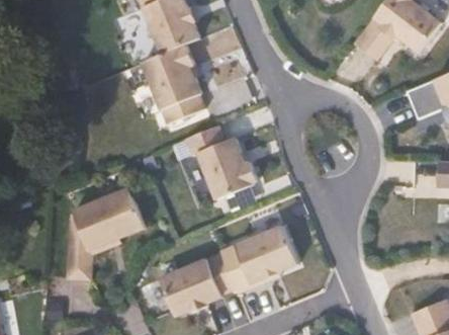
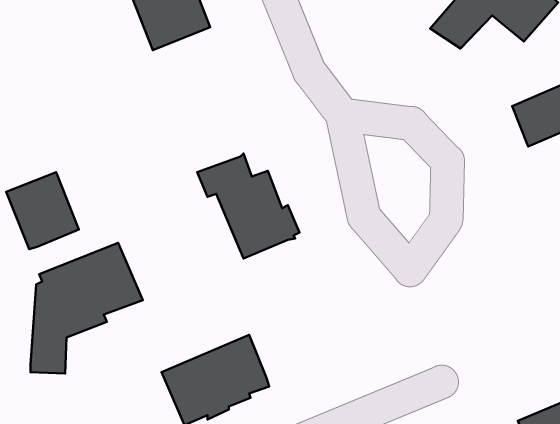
building: [144,44,206,123] -> none
building: none -> [6,172,79,249]
building: [220,225,298,291] -> none

